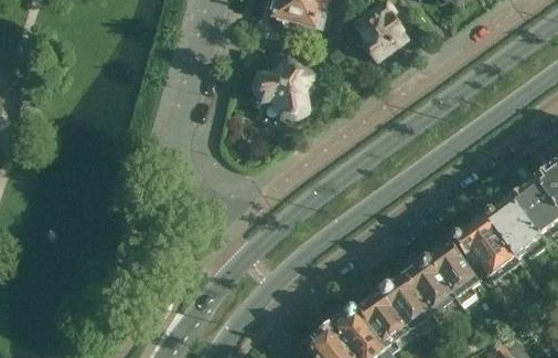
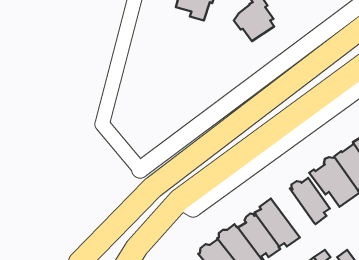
building: [251,55,315,123] -> none
building: [400,256,458,322] -> none

